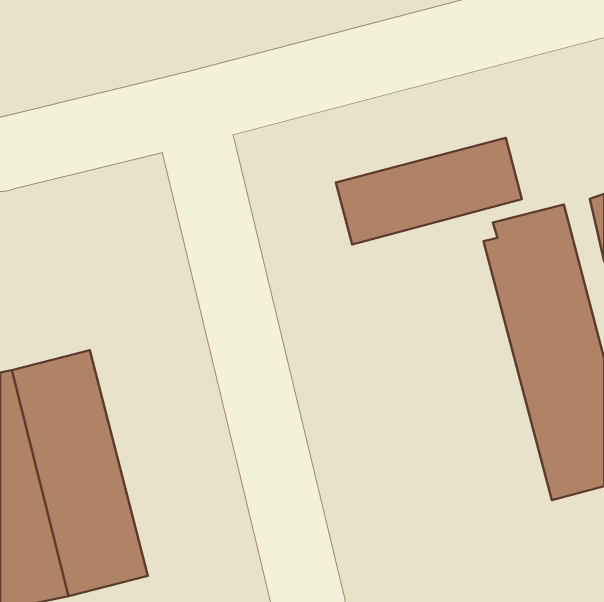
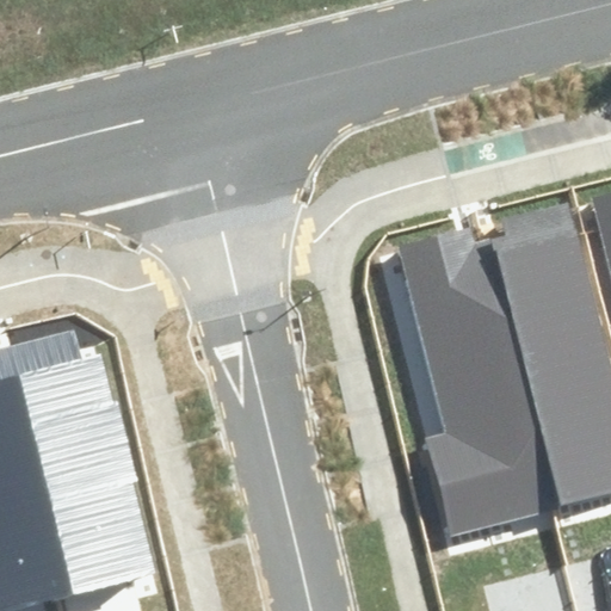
building: [336,138,522,245] -> none
building: none -> [396,228,557,532]

